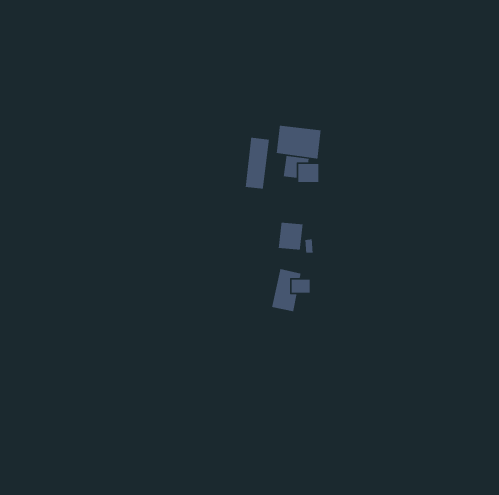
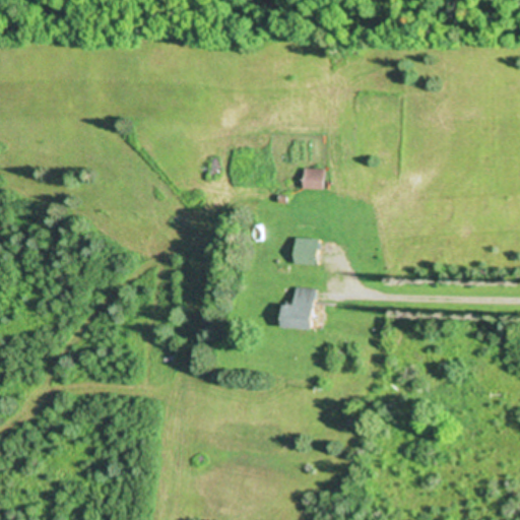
building: [276,125,322,159] -> none
building: [245,137,270,190] -> none

